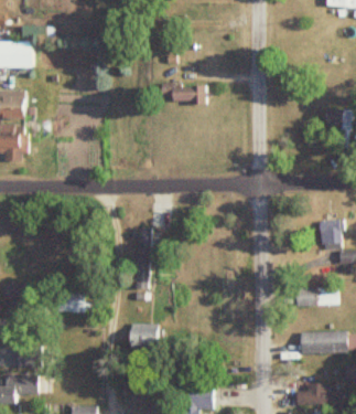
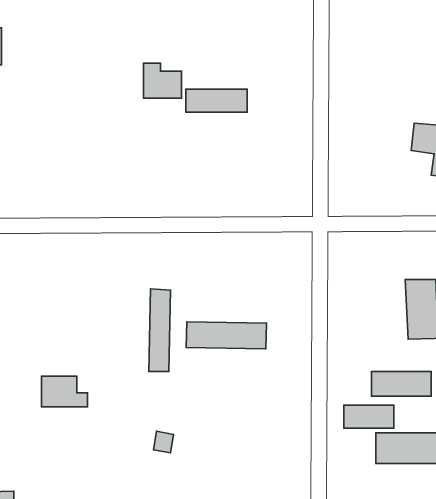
building: none -> [144,63,181,98]
building: none -> [186,322,266,349]
building: none -> [344,405,394,428]

